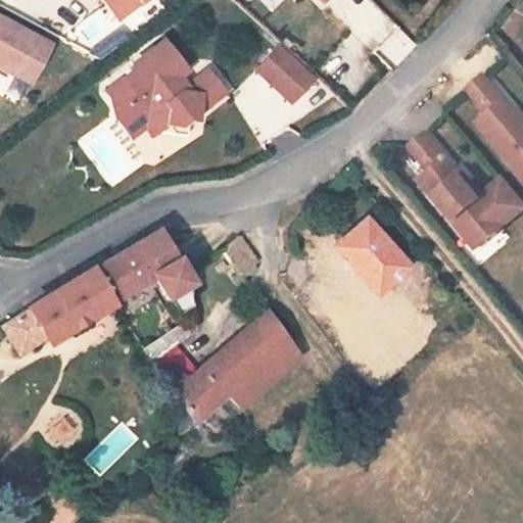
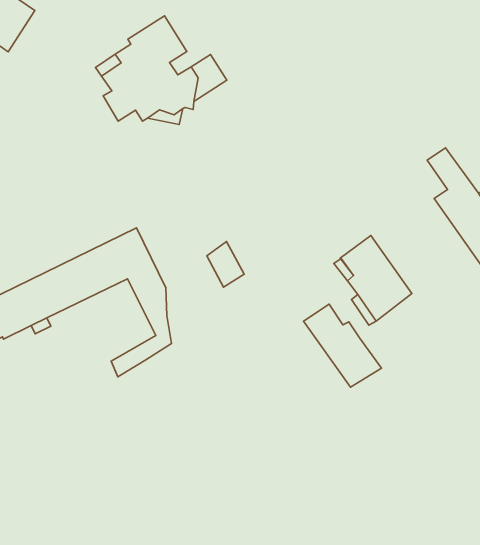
building: [258,45,316,101] -> none
building: none -> [304,304,382,387]
building: [154,298,302,423] -> none

